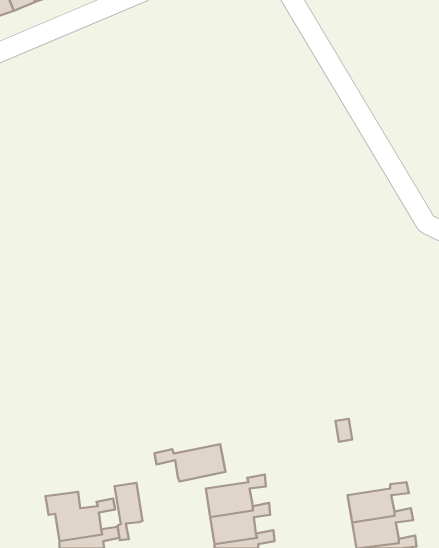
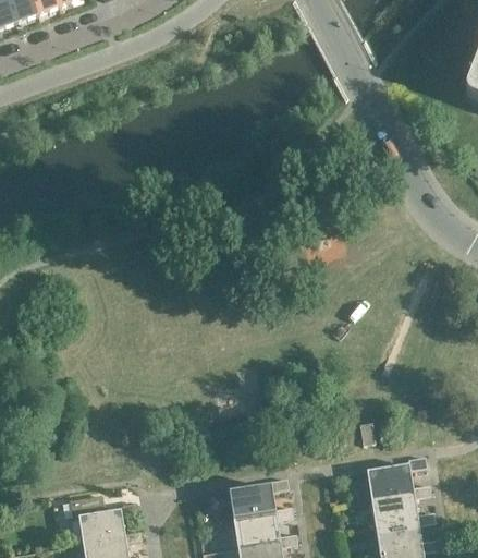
building: [155,444,226,481] -> none
building: none -> [366,458,427,500]
building: [115,483,143,540] -> none

